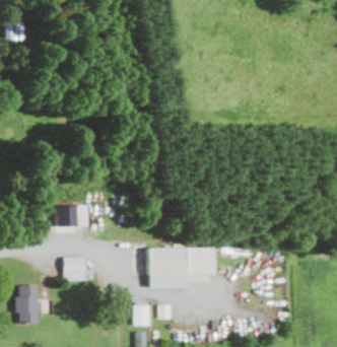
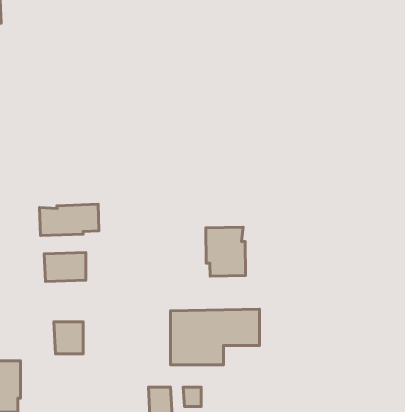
building: none -> [40,204,99,236]
building: none -> [206,227,246,276]

